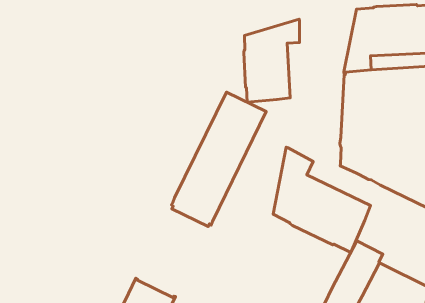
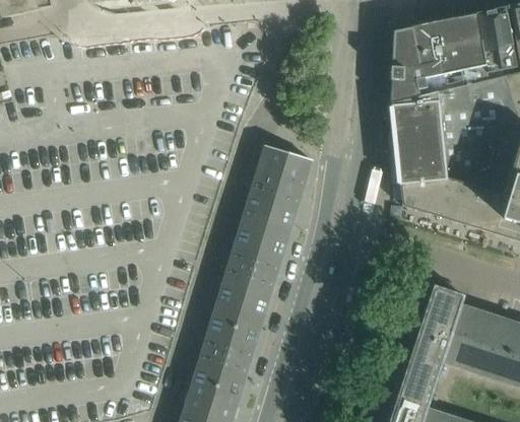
building: [244,19,300,102] -> none
building: [273,147,370,253] -> none
building: none -> [198,278,271,379]

